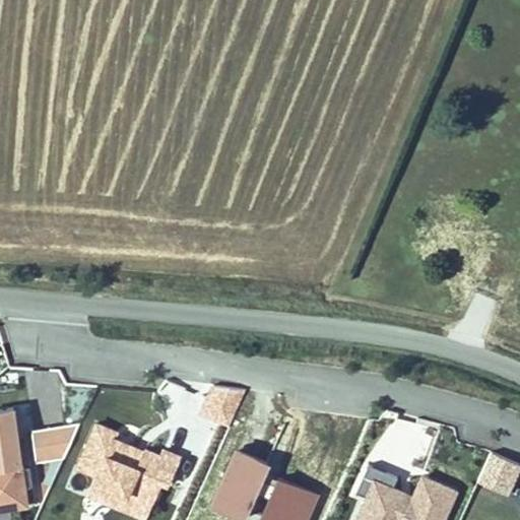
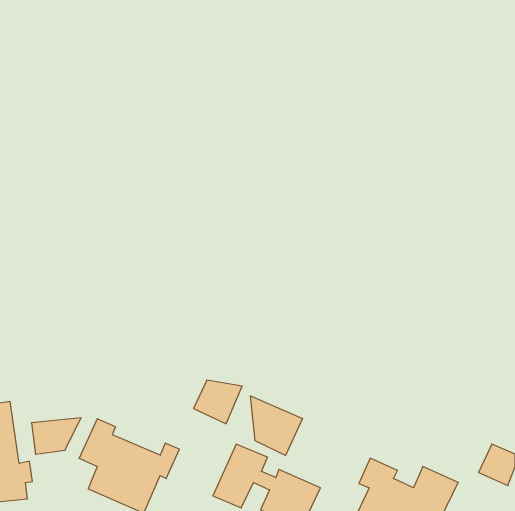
building: none -> [250,396,302,455]

